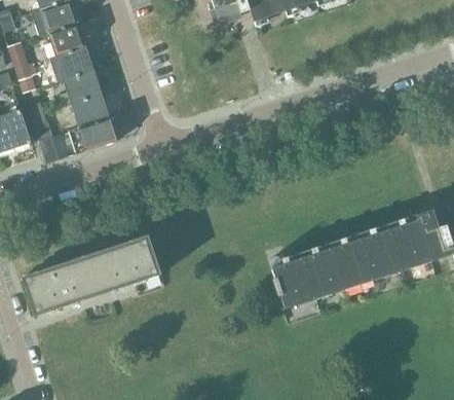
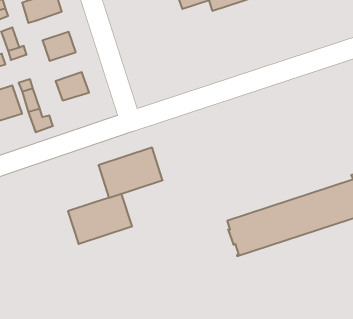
building: [48,22,86,56] -> none
building: [64,69,102,103] -> none
building: [79,116,117,149] -> none
building: [23,255,98,314] -> [98,148,163,198]

